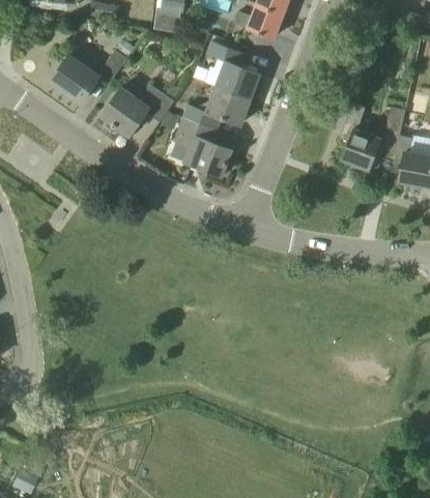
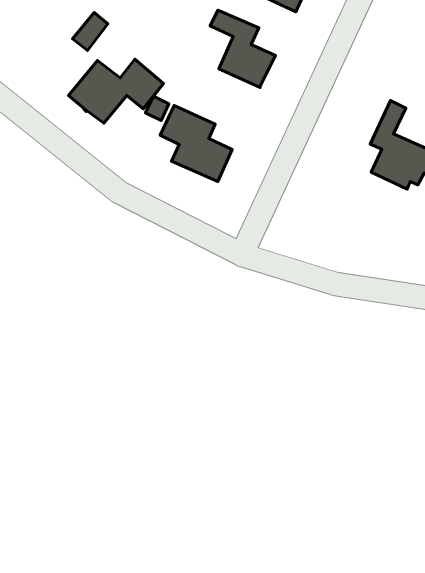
building: [51,55,99,102] -> none
building: [183,87,250,130] -> none

